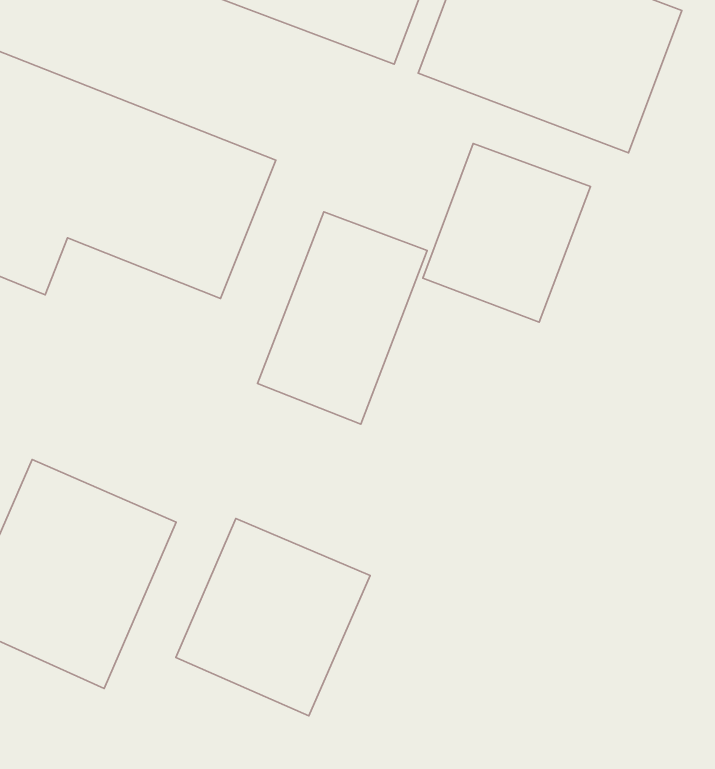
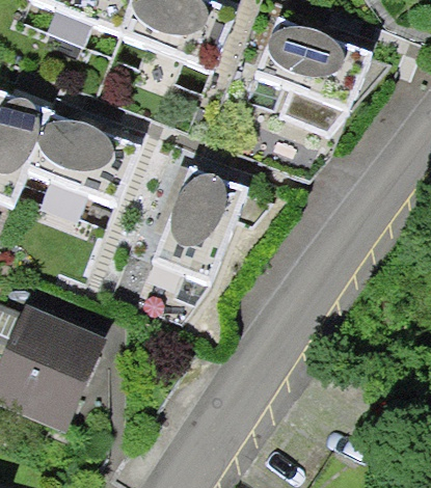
building: [423,144,591,322] -> none
building: [176,519,370,716] -> none

